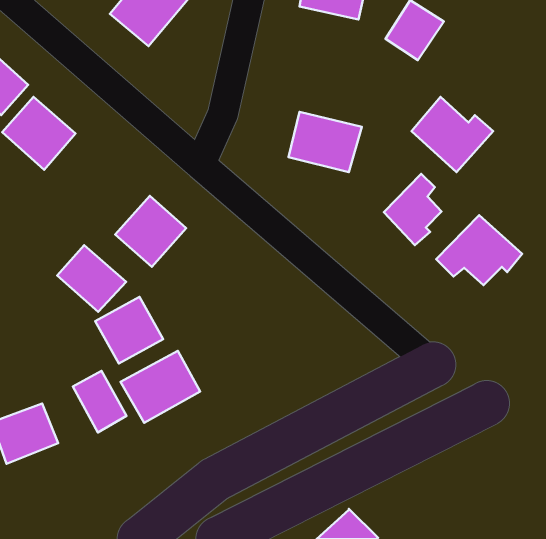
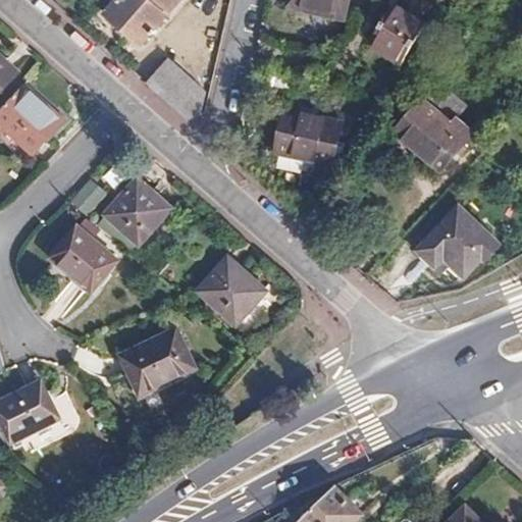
building: none -> [145,55,205,120]
building: [384,174,441,245] -> none
building: none -> [204,269,269,331]
building: [95,297,163,364] -> none
building: [73,371,126,432] -> none

